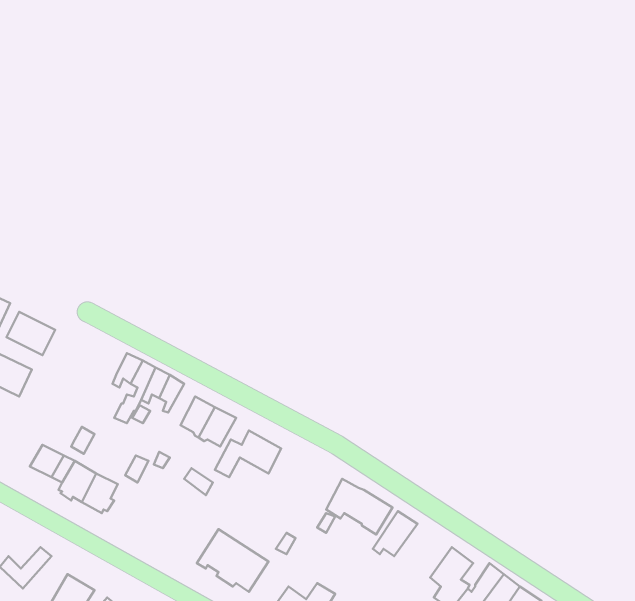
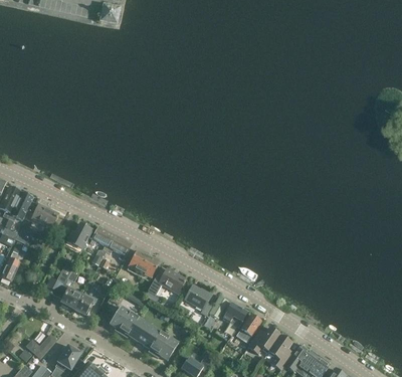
building: none -> [64,223,92,253]
building: none -> [185,285,212,316]
building: none -> [110,307,150,344]
building: none -> [248,327,280,355]

